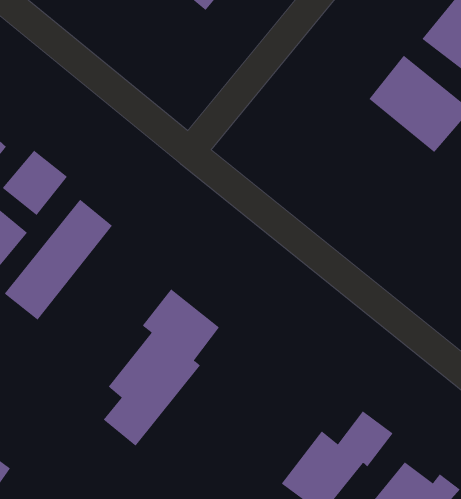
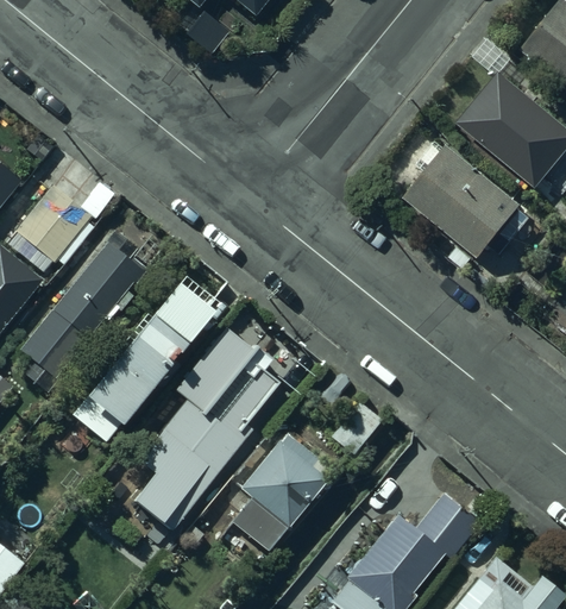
building: none -> [397,142,518,257]
building: none -> [88,291,215,432]
building: none -> [234,433,329,551]

